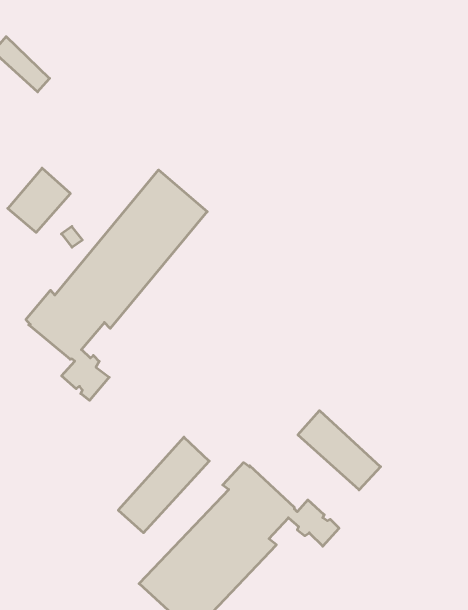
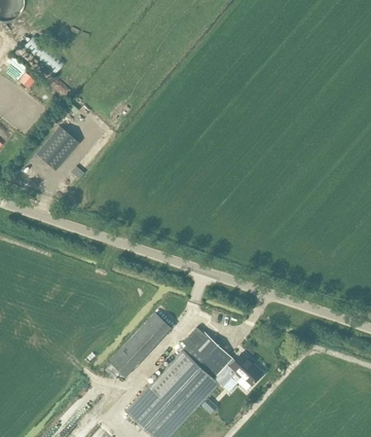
building: [26,170,207,400] -> none
building: [298,411,381,490] -> none

